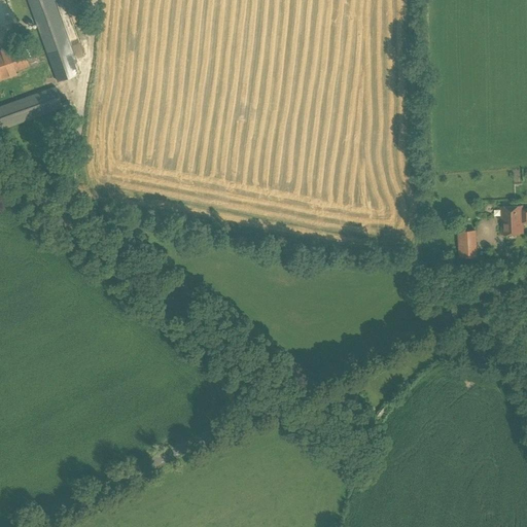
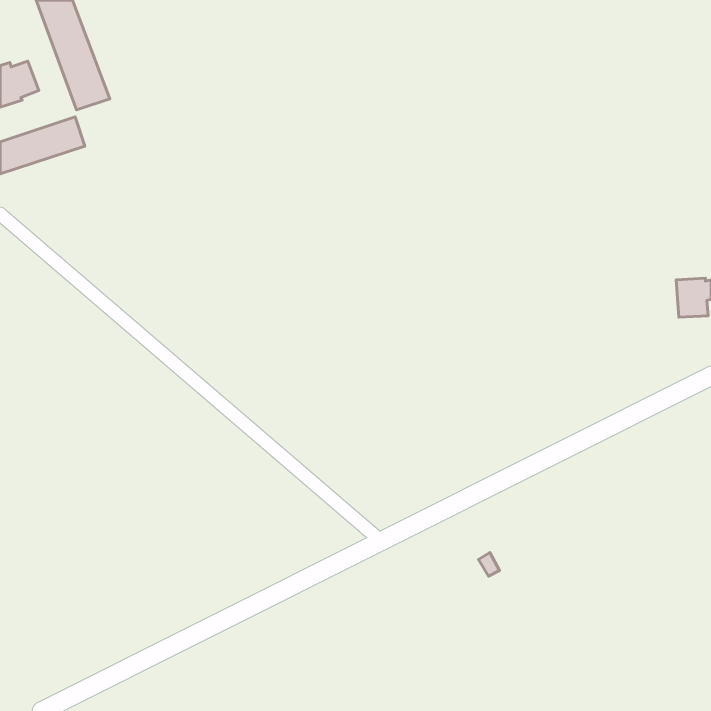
building: [457,230,478,257] -> none

